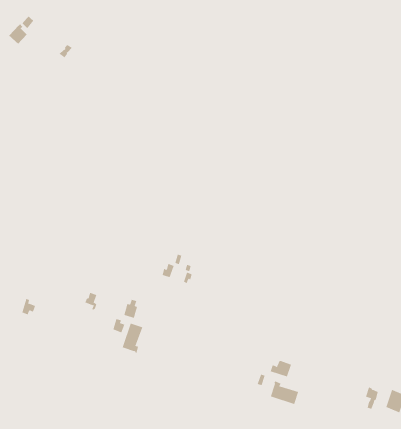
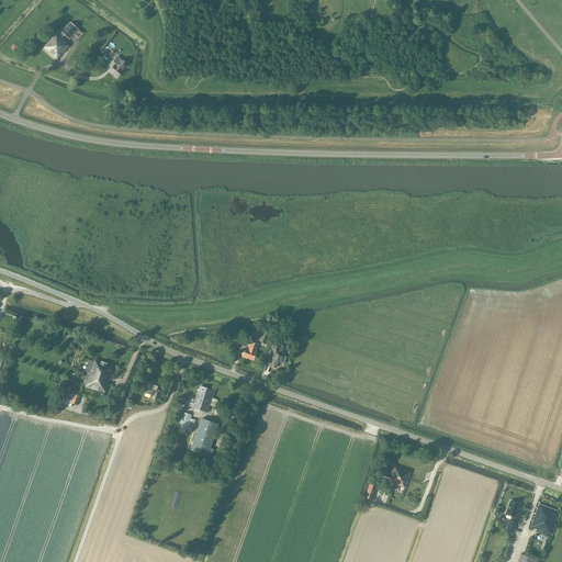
building: none -> [82,360,113,392]
building: [270,380,299,405] -> none

